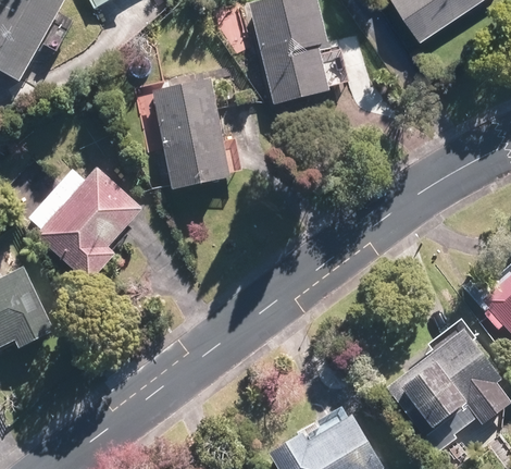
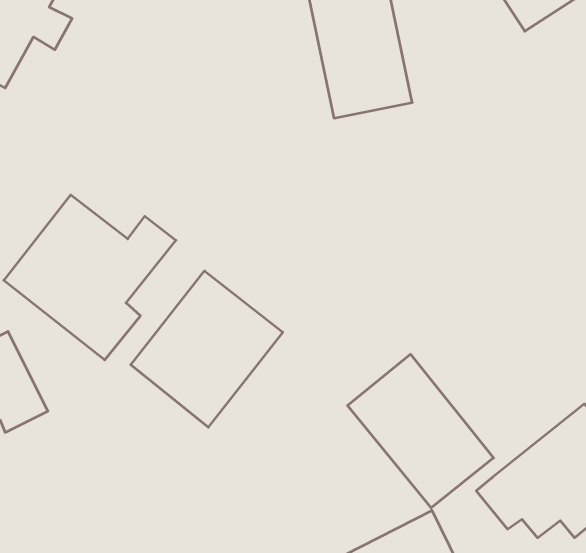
building: [151,78,230,192] -> none
building: none -> [131,271,283,427]
building: none -> [348,354,494,508]

